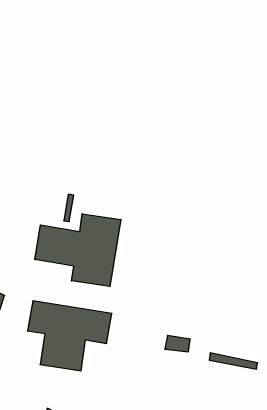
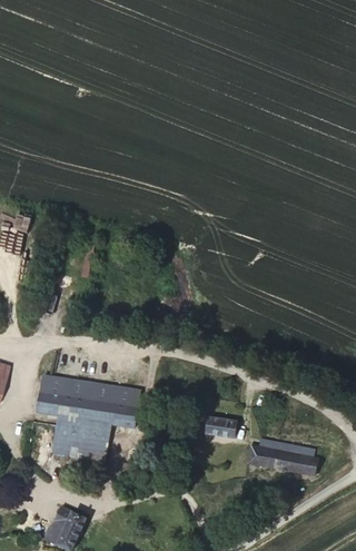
building: [35,214,121,287] -> none
building: none -> [248,444,317,474]

